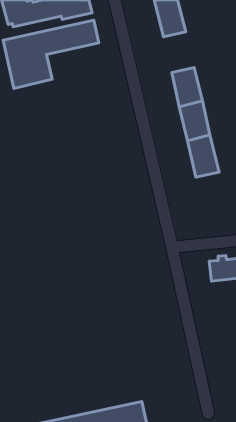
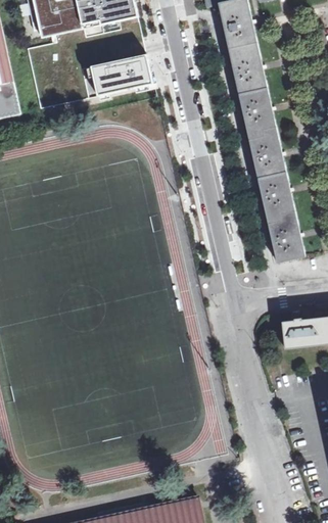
building: none -> [226,40,264,90]
building: none -> [91,55,153,96]
building: none -> [266,212,304,264]

